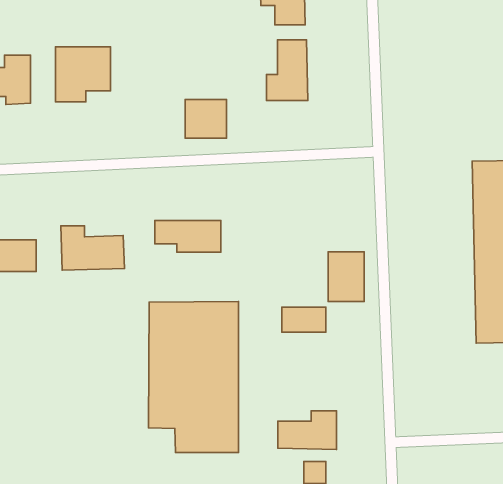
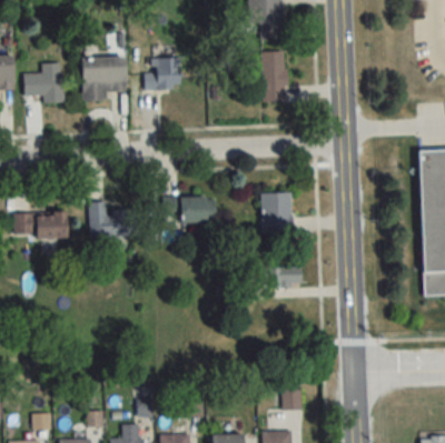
building: [185,100,226,138] -> [147,58,180,89]
building: [328,252,364,301] -> [263,193,291,233]
building: [149,302,239,453] -> none
building: [278,411,337,450] -> none

